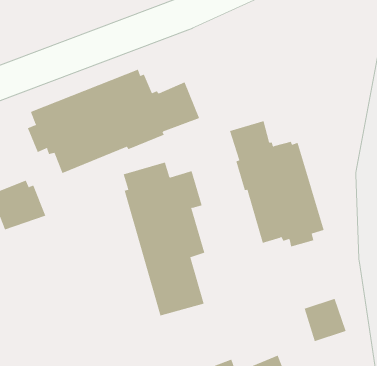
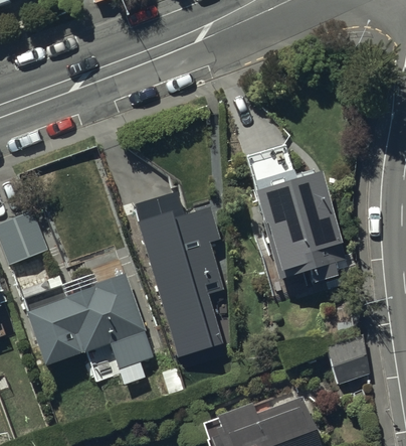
building: [27,69,200,174] -> none
building: none -> [21,273,155,383]

